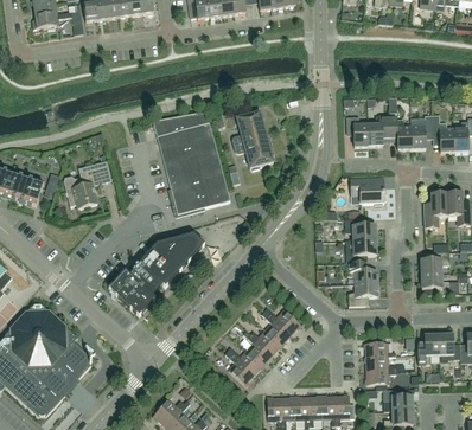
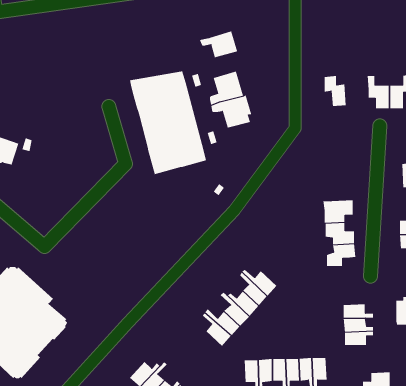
building: none -> [199,30,238,58]
building: [368,115,390,145] -> none
building: [64,160,108,207] -> none
building: [351,177,384,204] -> none
building: [345,218,376,239] -> none
building: [108,232,205,315] -> none
building: [383,389,413,410] -> none

